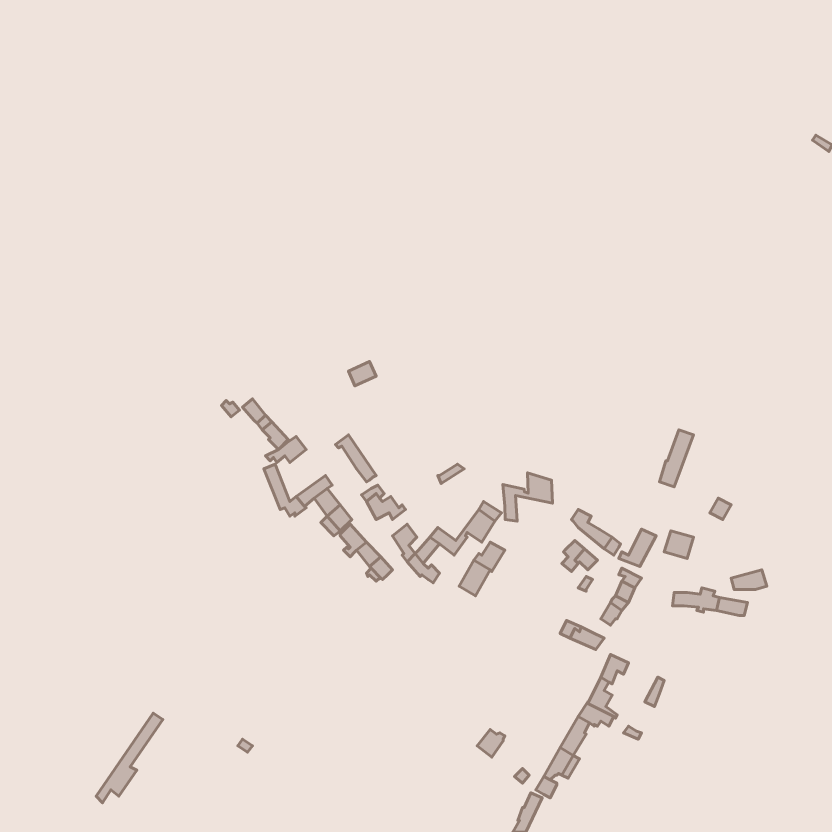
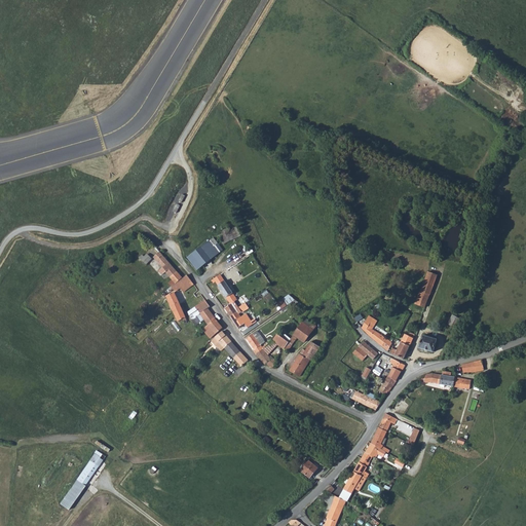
building: none -> [187,240,221,270]
building: [503,473,552,521] -> none

